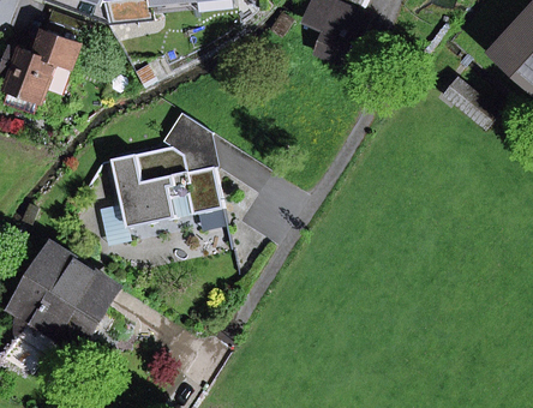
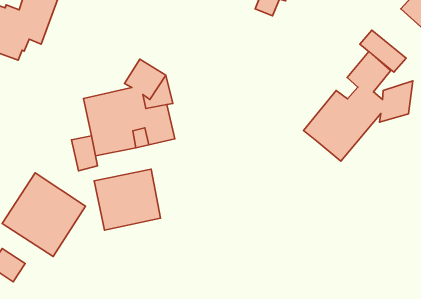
building: none -> [304,52,413,161]
building: none -> [94,169,161,230]

